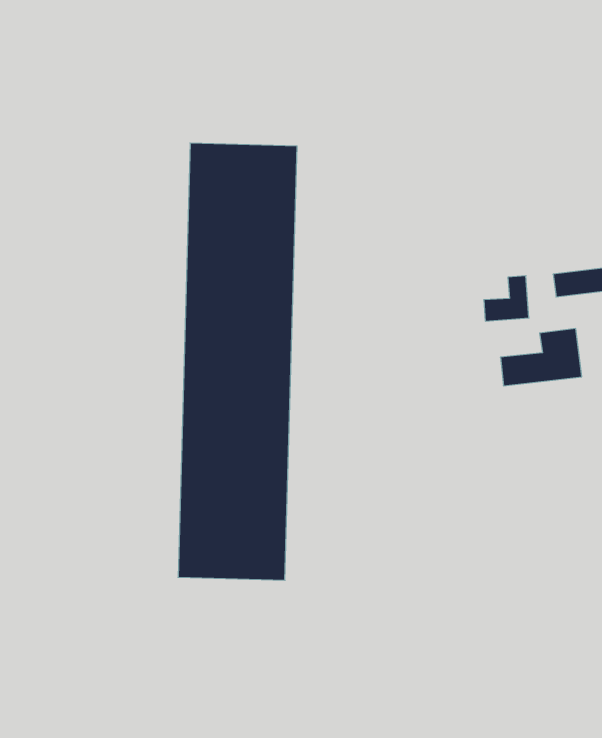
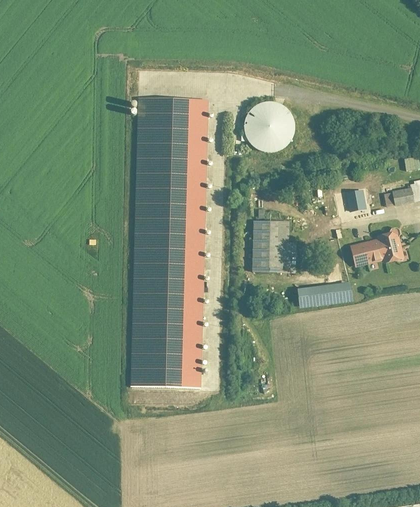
building: none -> [237,107,292,160]
building: none -> [255,216,286,267]
building: none -> [298,279,346,300]

